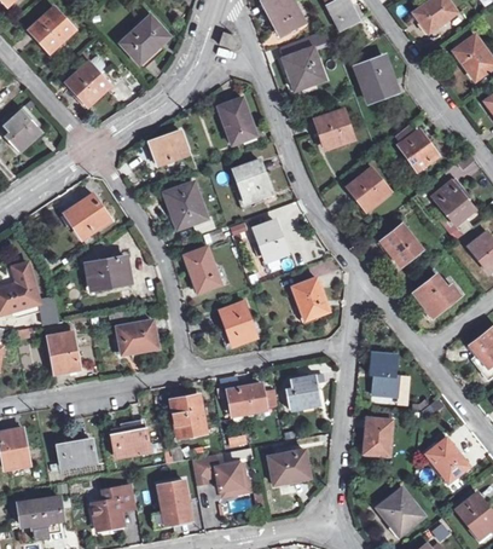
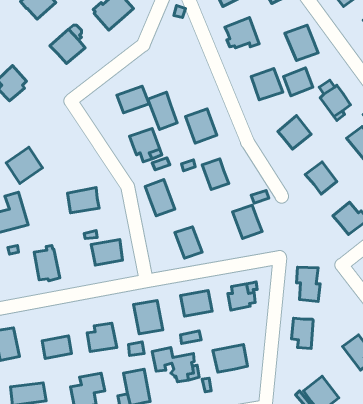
building: [219,98,255,144] -> [148,92,177,130]
building: none -> [283,68,313,96]
building: [64,193,109,238] -> [6,147,42,184]

